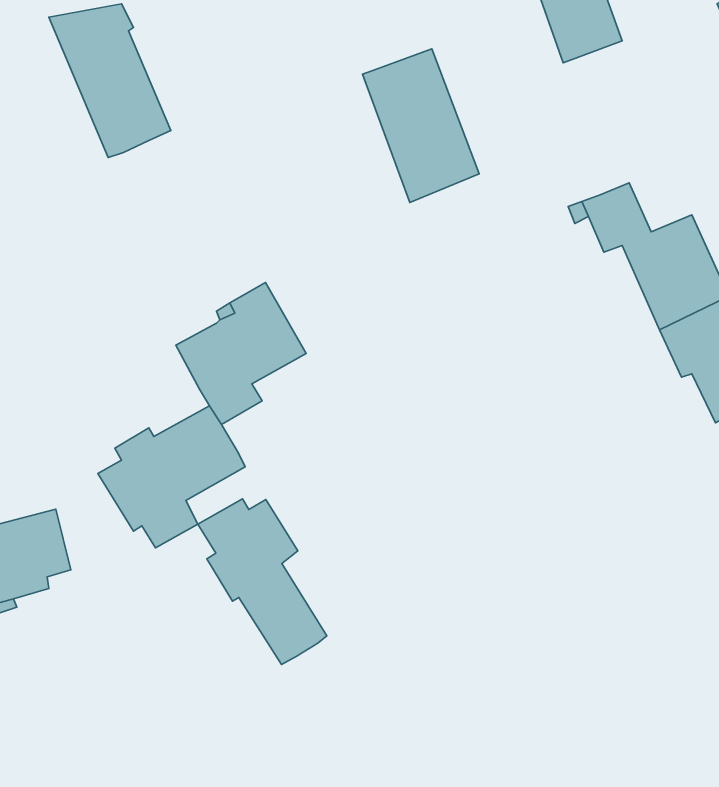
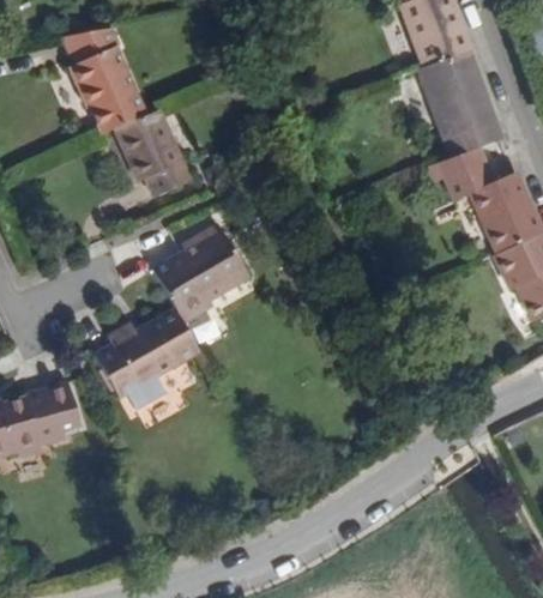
building: [363,49,479,202] -> [420,52,502,161]
building: none -> [115,111,191,197]
building: [198,499,327,664] -> none

